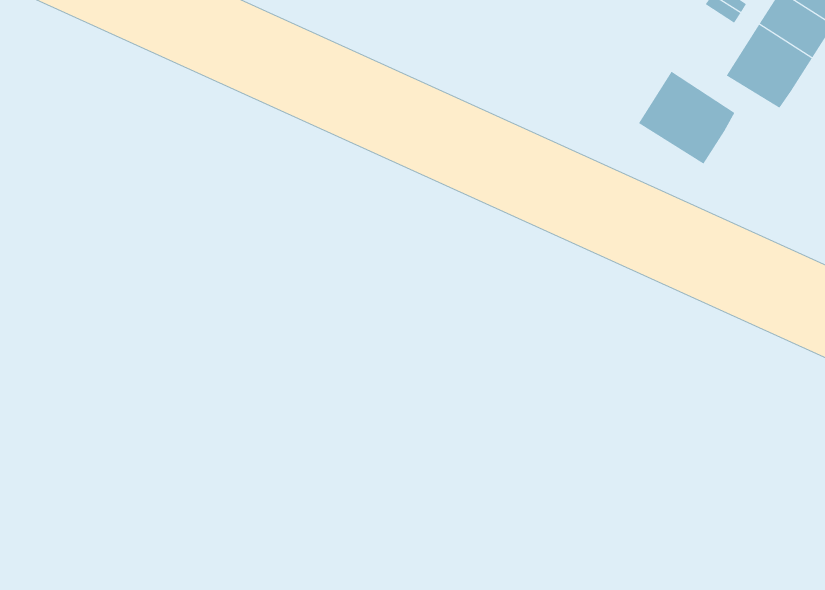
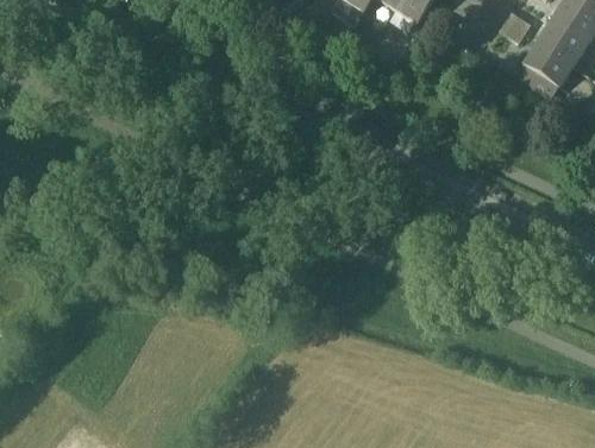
building: [638,71,735,165] -> none

